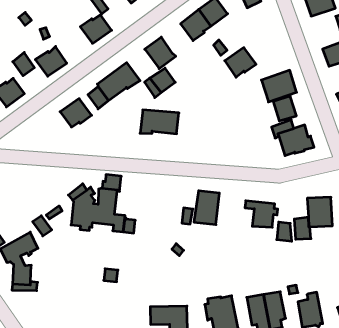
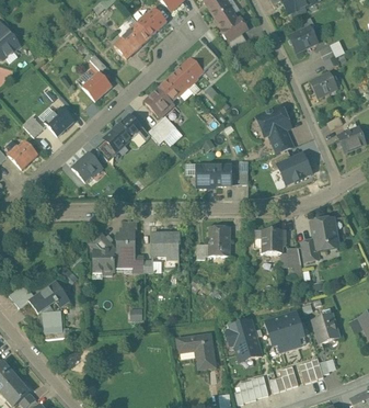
building: [225,48,256,77] -> [159,72,188,101]
building: [140,110,179,134] -> [197,165,231,188]
building: none -> [151,234,180,259]

